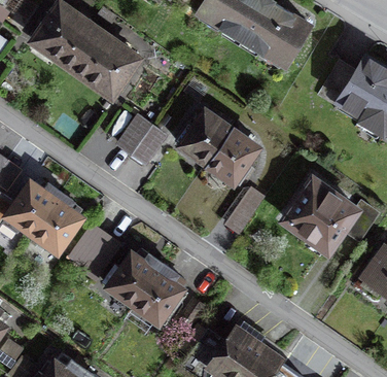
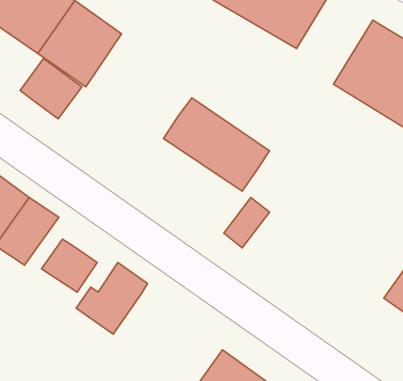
building: [113,117,165,168] -> [20,58,82,119]
building: [277,173,363,258] -> none
building: [133,272,185,325] -> none

